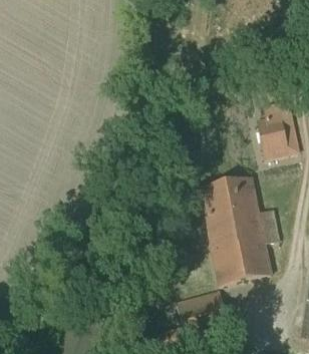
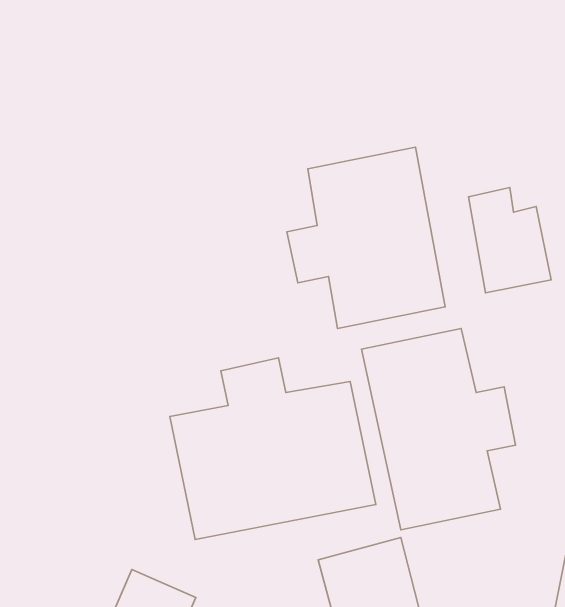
building: none -> [287,147,445,328]
building: none -> [170,358,376,539]

